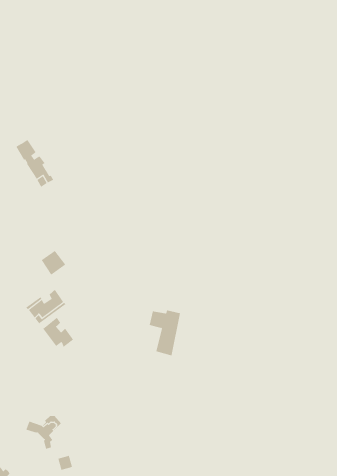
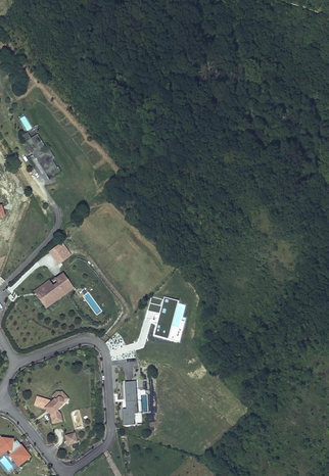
building: [43,317,74,348] -> none
building: none -> [123,378,148,423]

